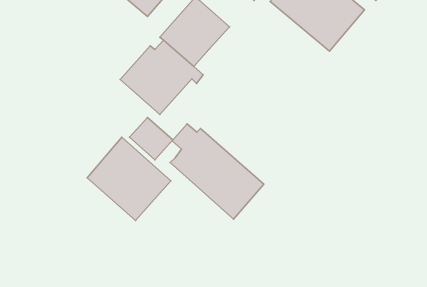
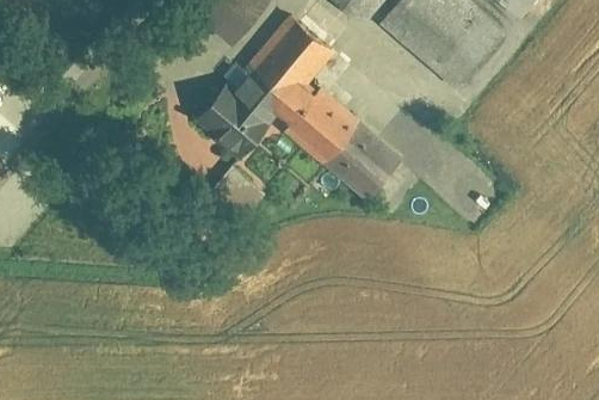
building: [170,124,264,219] -> [283,82,401,203]
building: [87,137,171,221] -> none

